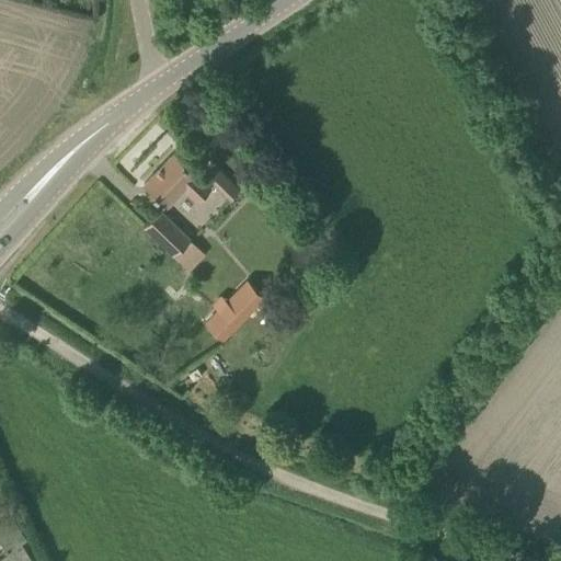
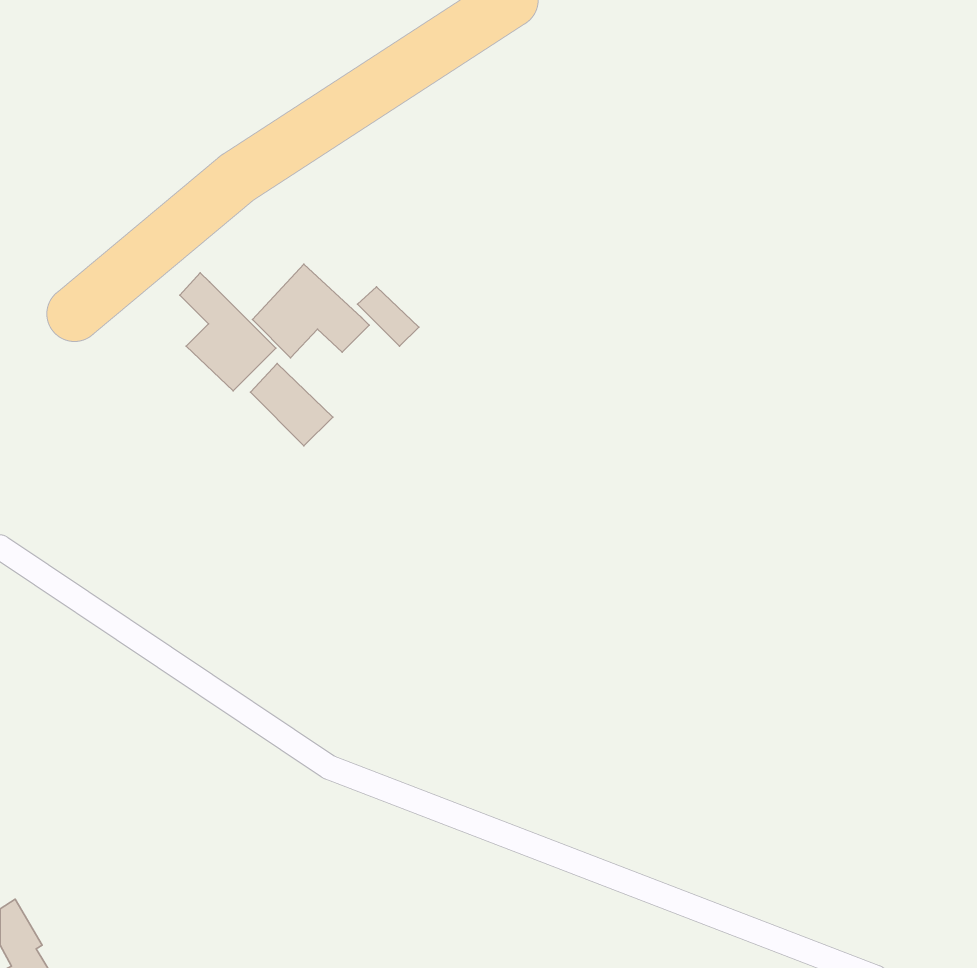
building: none -> [180,273,276,391]
building: [205,285,264,345] -> none

